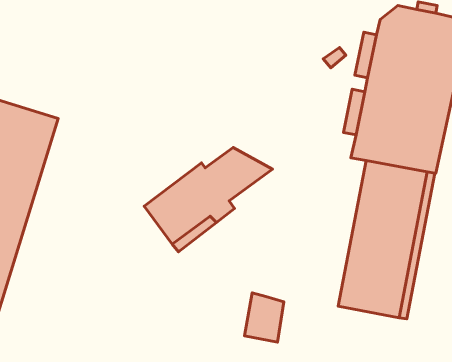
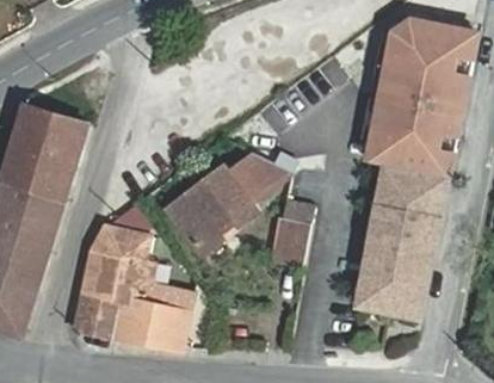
building: none -> [76,227,193,347]
building: [244,293,284,342] -> [273,216,310,262]

